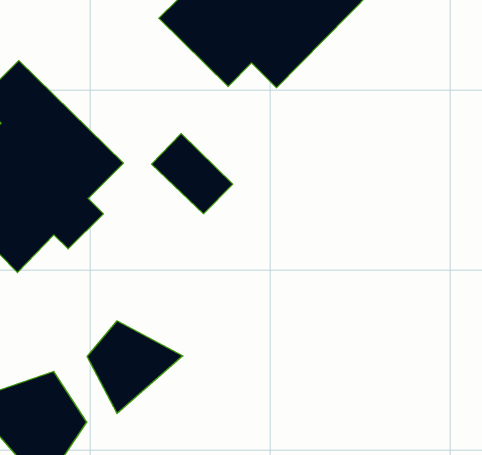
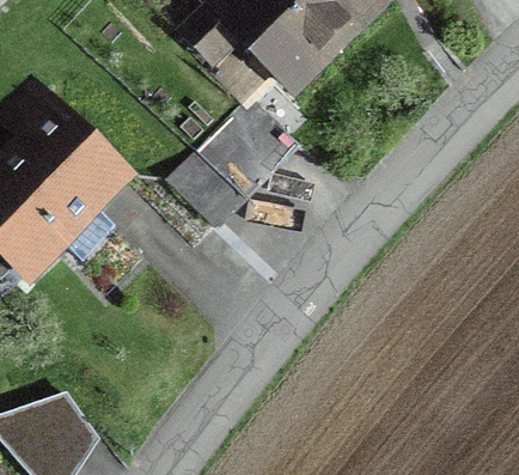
building: none -> [199,99,304,196]
building: [87,321,183,414] -> none

